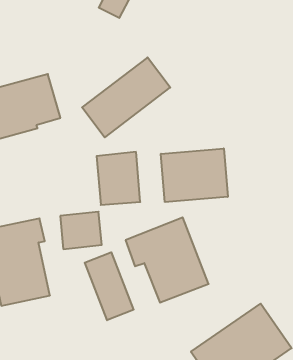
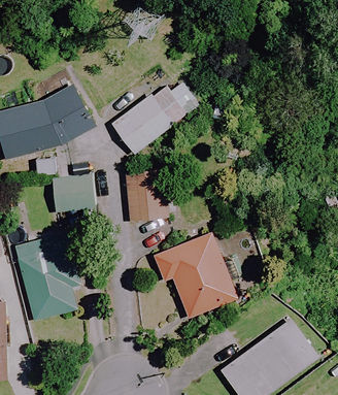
building: [161,148,228,202] -> none
building: [60,212,102,249] -> [53,175,94,212]
building: [85,252,134,320] -> none

